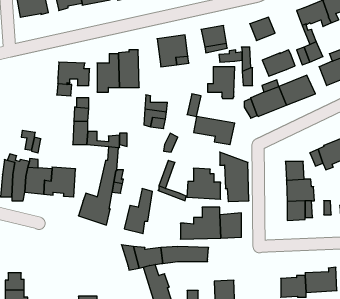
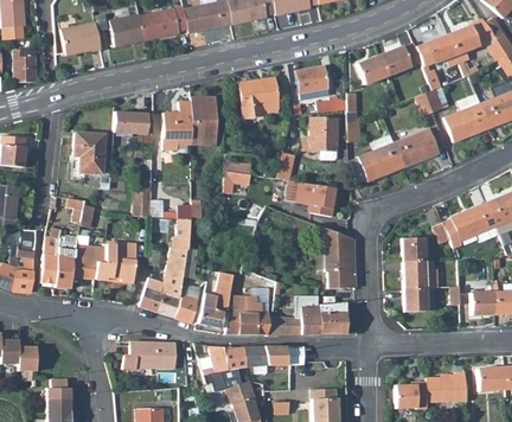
building: [262,50,295,76] -> [380,41,422,75]
building: none -> [73,132,105,173]
building: [187,168,221,199] -> [226,296,269,335]
building: none -> [175,283,199,322]
building: none -> [123,341,175,369]

